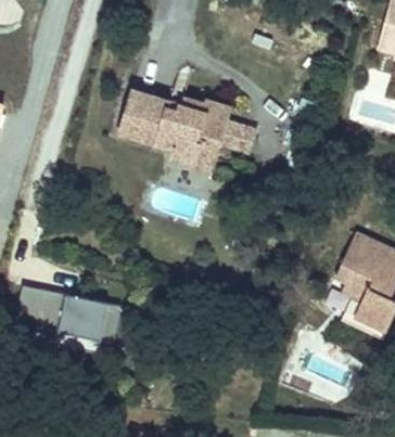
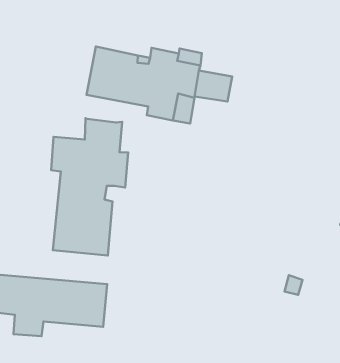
building: none -> [51,118,128,256]

